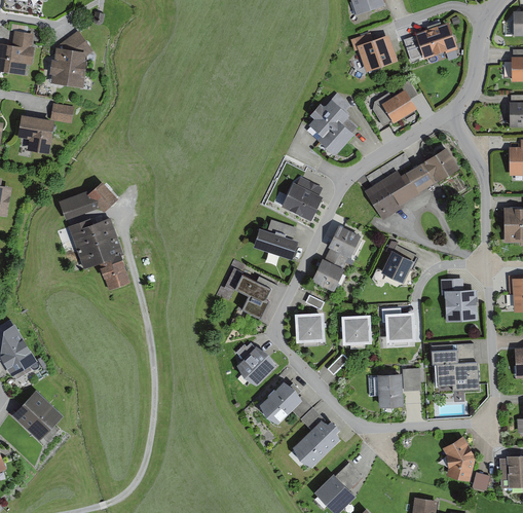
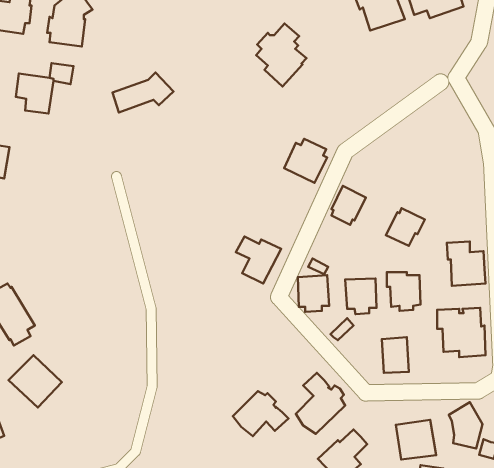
building: [373,80,417,125] -> none
building: [309,94,359,155] -> [256,24,307,86]
building: [364,146,460,220] -> none
building: [60,181,119,220] -> [113,73,173,112]
building: [69,217,133,291] -> none
building: [254,219,299,259] -> none
building: [311,253,346,291] -> none
building: [236,342,276,384] -> none
building: [403,368,421,392] -> none
building: [259,380,313,425] -> [233,391,288,436]
building: none -> [396,420,436,460]

